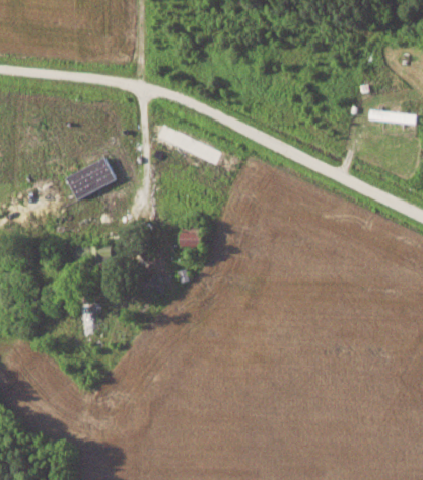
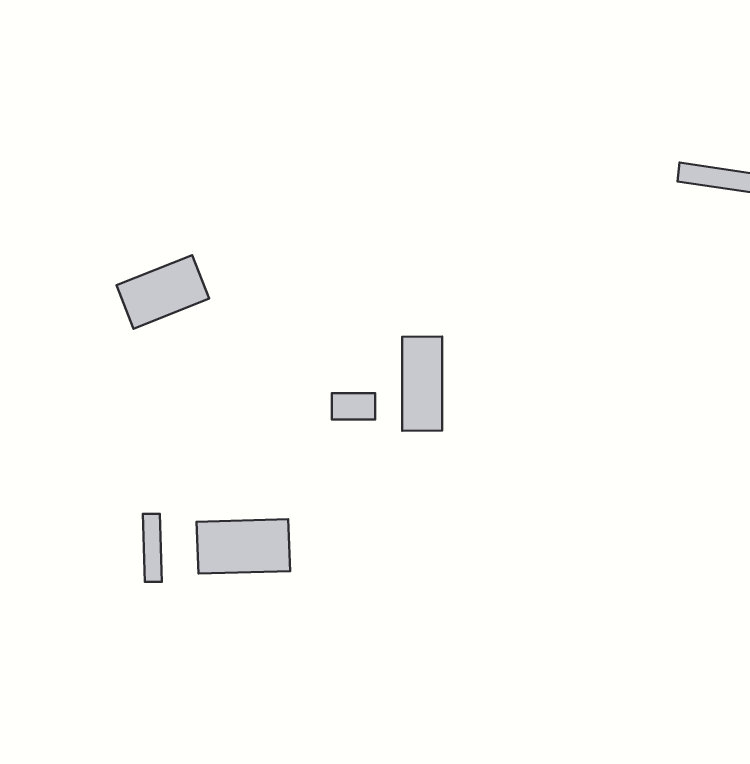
building: none -> [402,336,442,431]
building: none -> [197,519,290,574]

